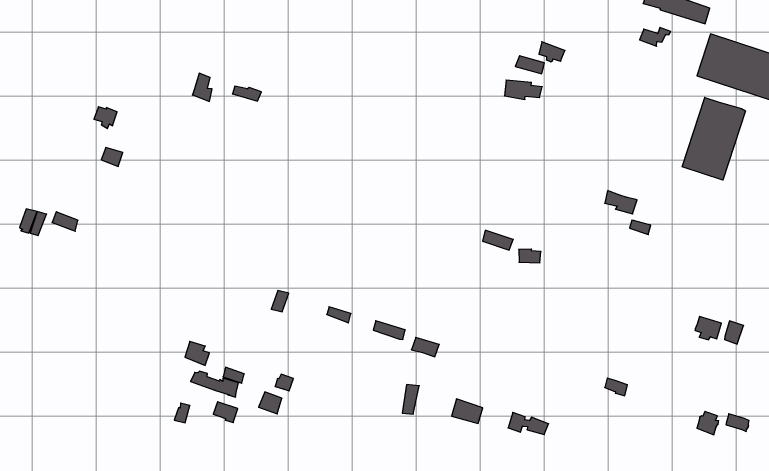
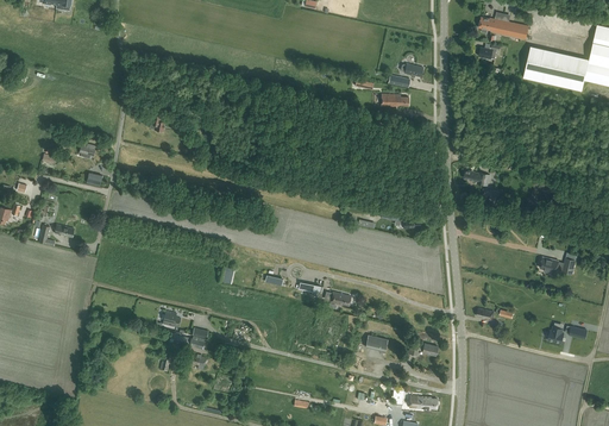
building: [682,97,745,180] -> none

